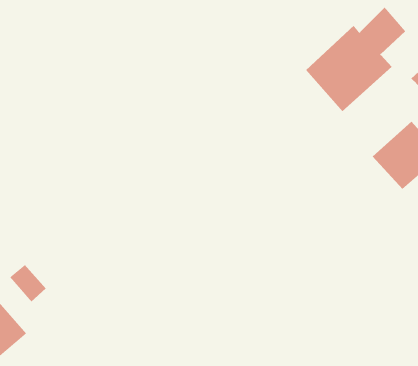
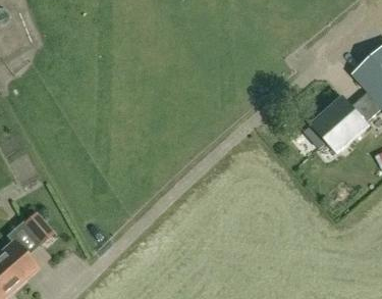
building: [305,7,406,112] -> none

